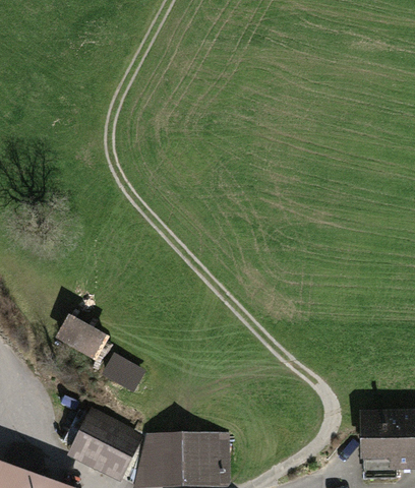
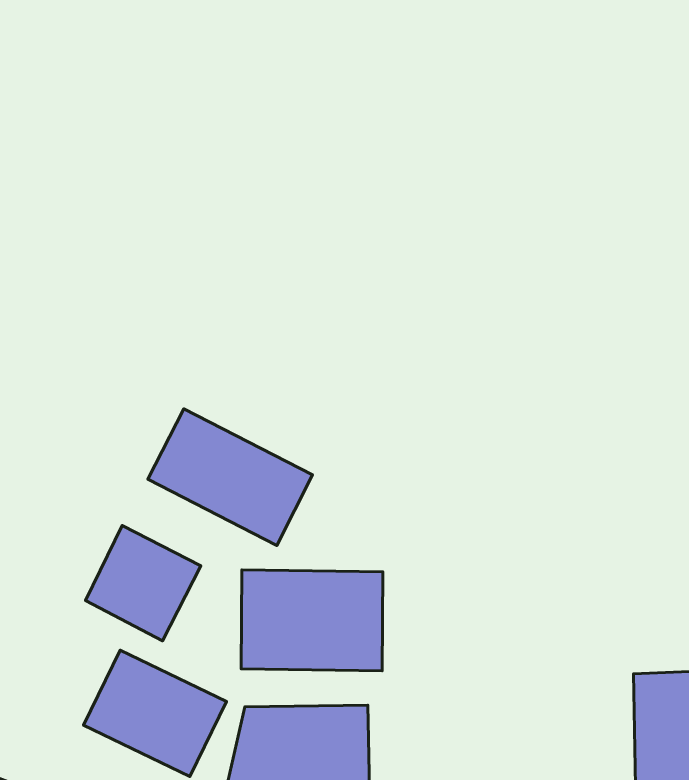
building: none -> [148,409,313,545]
building: none -> [241,570,383,671]

